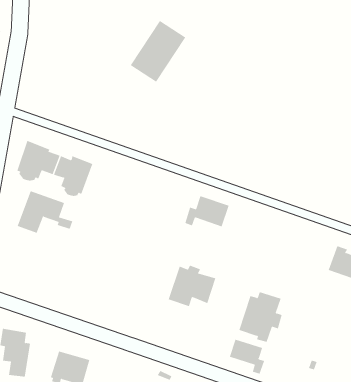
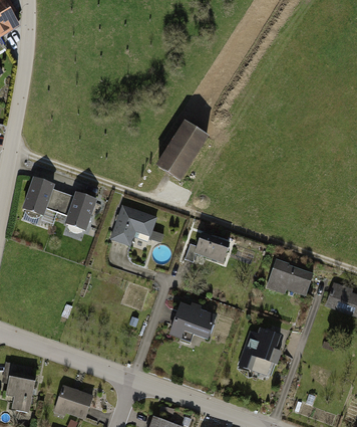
building: [130,20,186,83] -> [154,120,210,181]
building: [17,191,73,233] -> [110,205,165,247]
building: none -> [265,258,314,295]
building: [229,339,265,374] -> none

